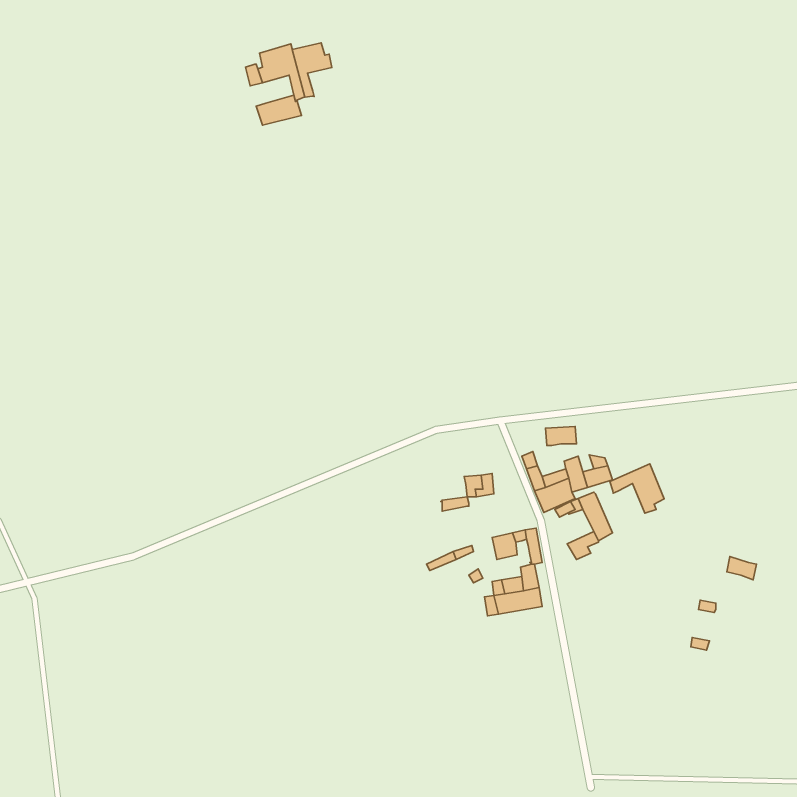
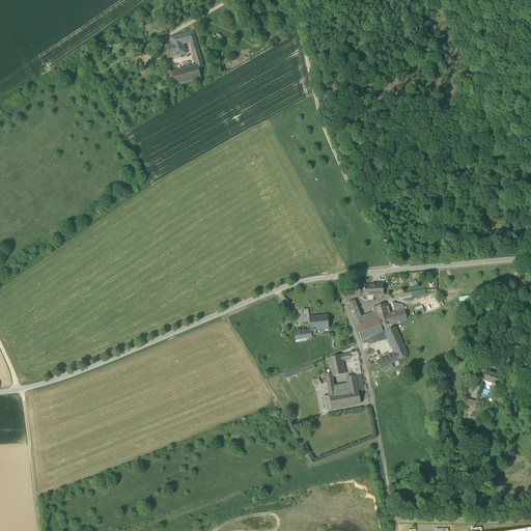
building: [292,43,332,97] -> none
building: [610,464,664,513] -> none

